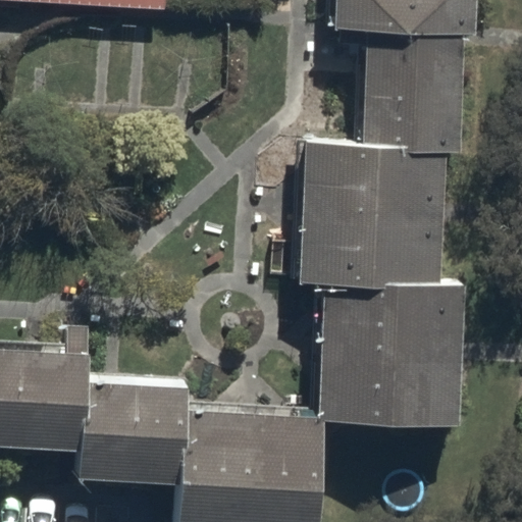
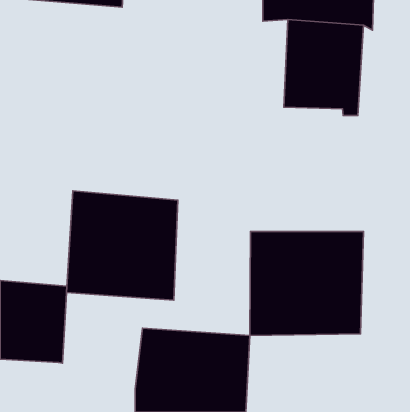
building: [300,133,437,291] -> none
building: none -> [66,191,178,300]
building: [79,383,189,488] -> none

